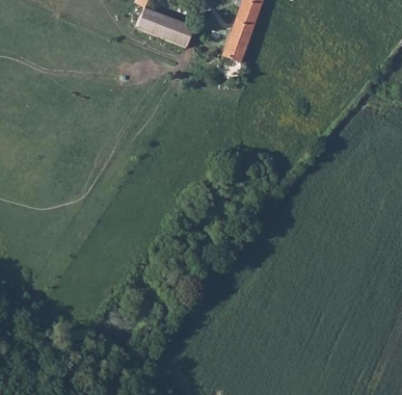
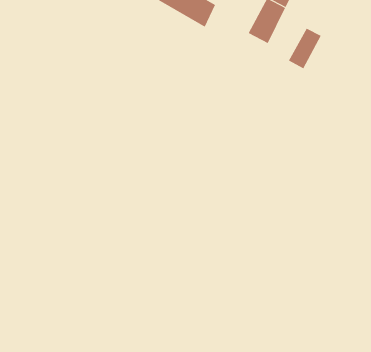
building: none -> [288,28,321,69]

